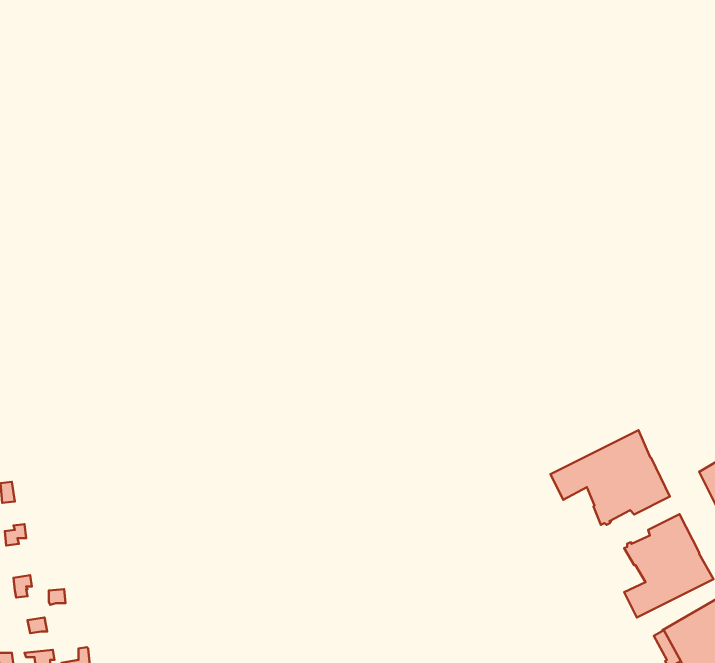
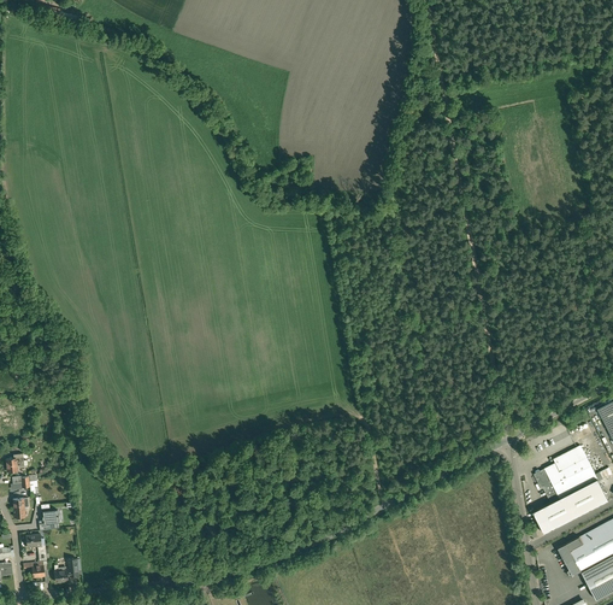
building: [550,430,670,525] -> none

